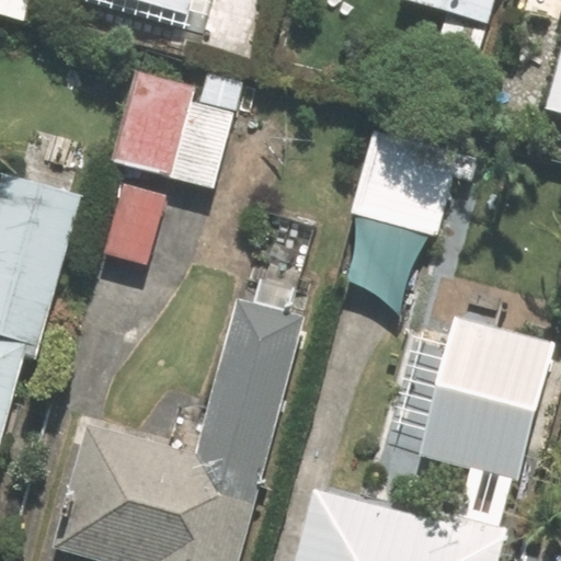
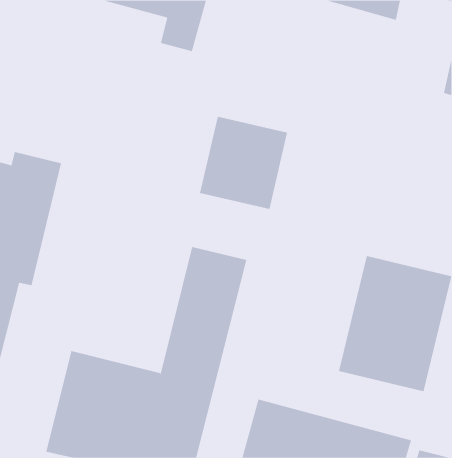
building: [98,67,244,268] -> none
building: [347,124,456,238] -> [199,116,288,209]

